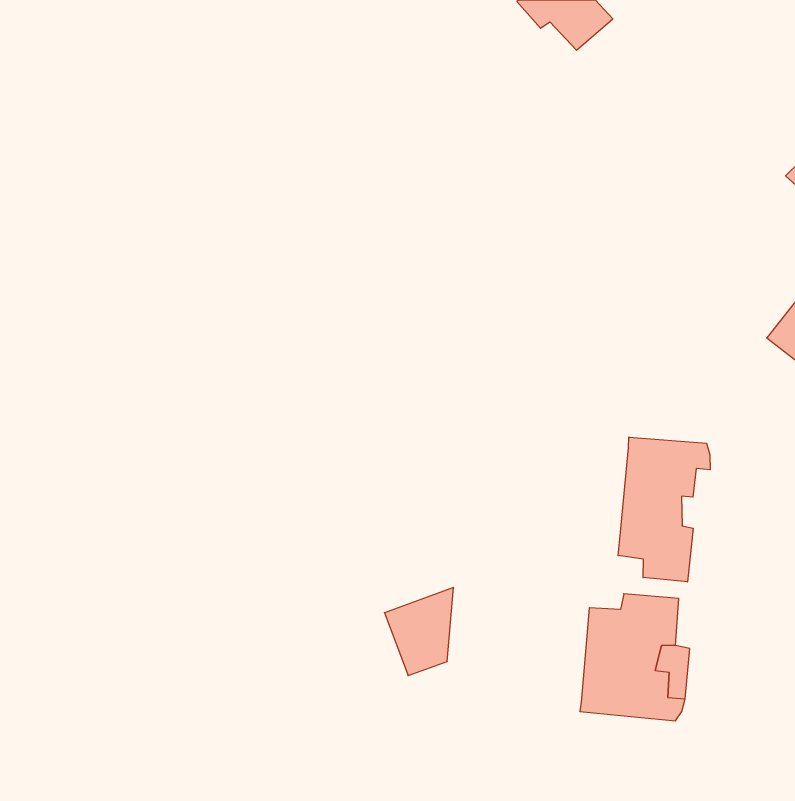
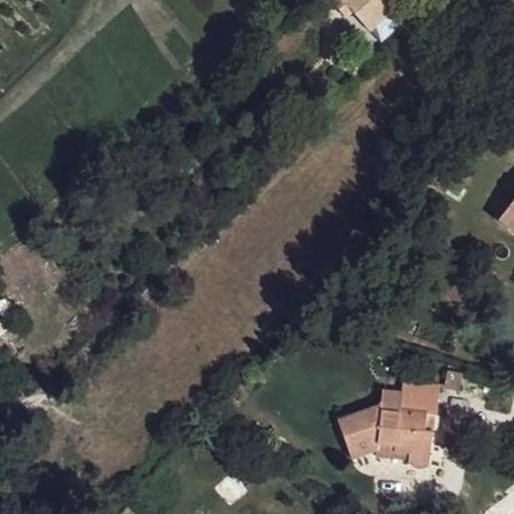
building: [618,437,710,582] -> none
building: [384,588,454,676] -> [336,403,380,459]

